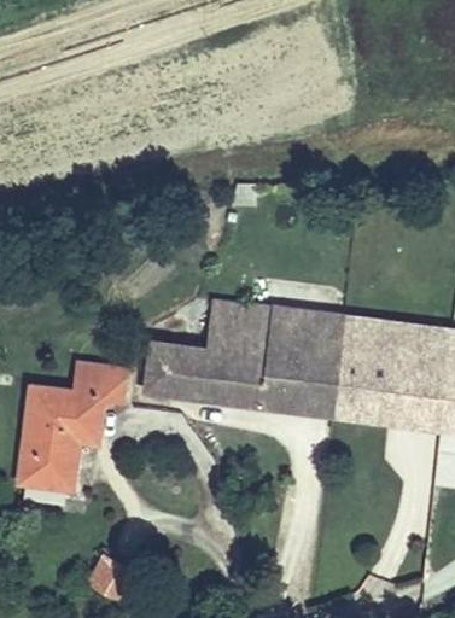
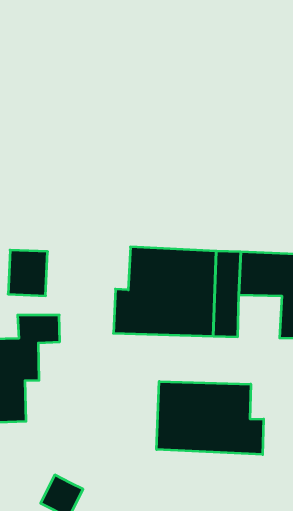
building: [130,340,180,396] -> [8,250,48,296]
building: [313,367,367,420] -> none
building: none -> [157,381,264,455]

